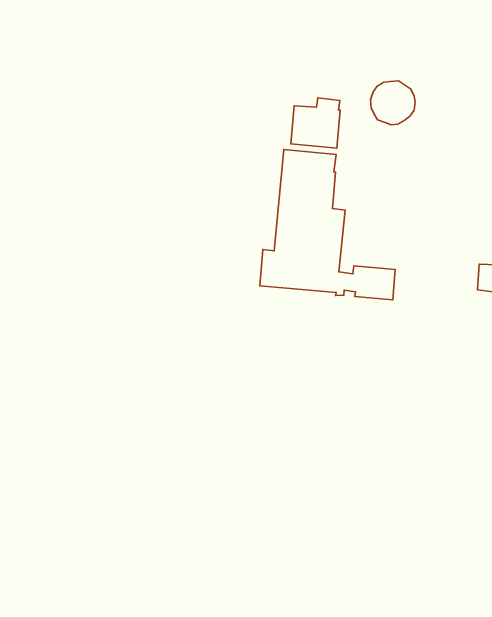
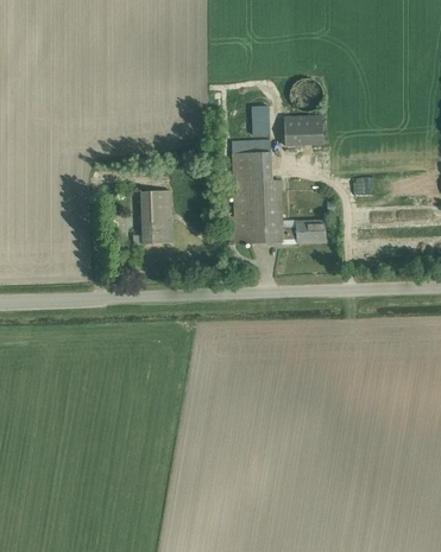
building: none -> [284,114,322,146]
building: none -> [140,190,172,245]

